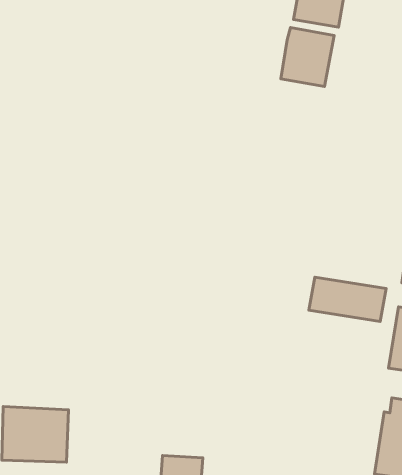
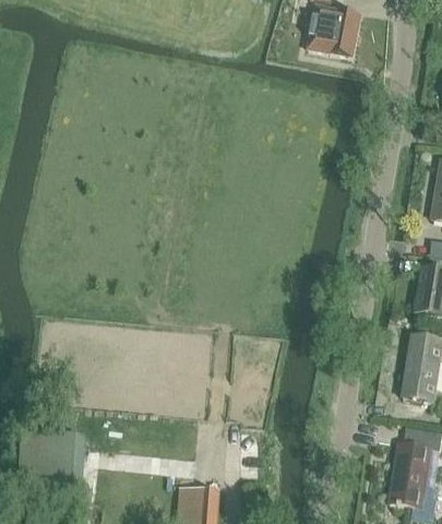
building: [281,28,334,87] -> none
building: [309,277,386,321] -> none

